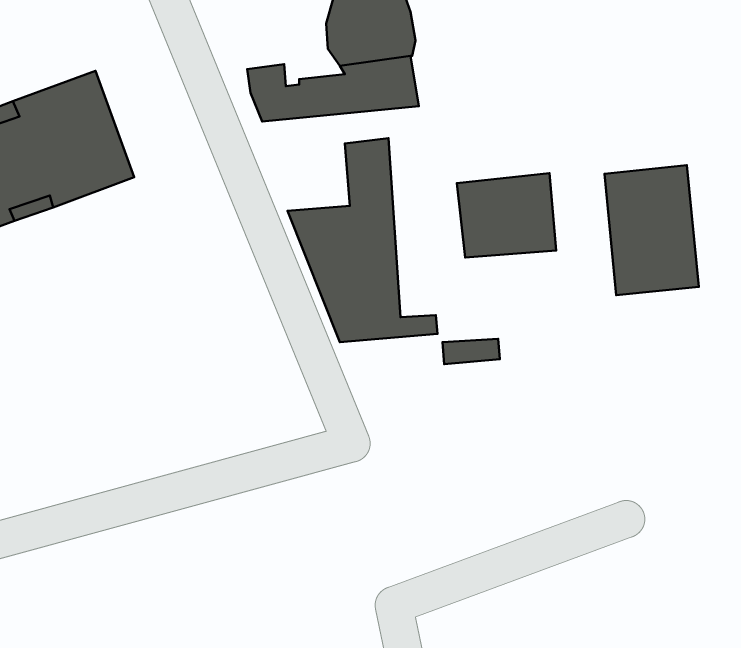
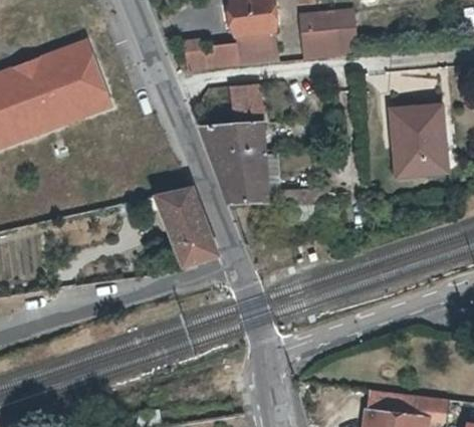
building: [457,173,556,257] -> [297,9,357,59]
building: none -> [153,185,215,262]

